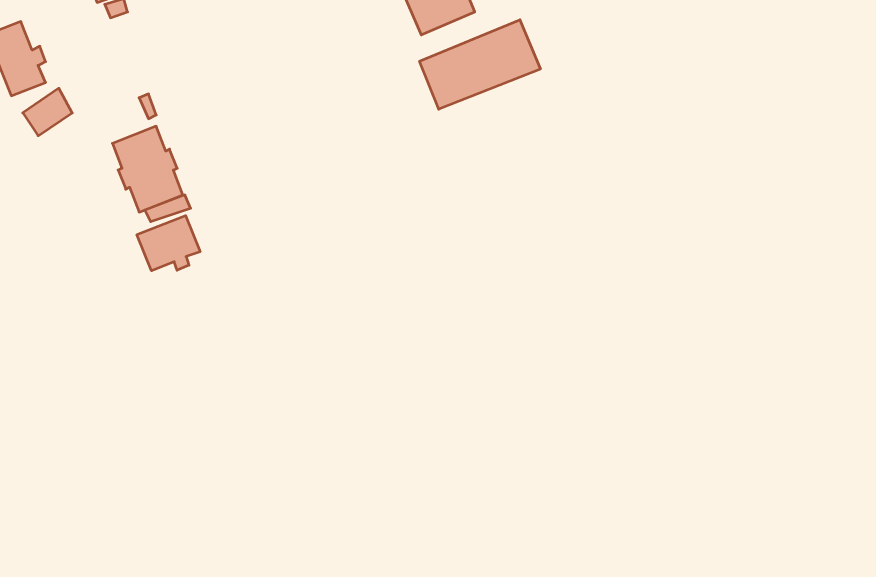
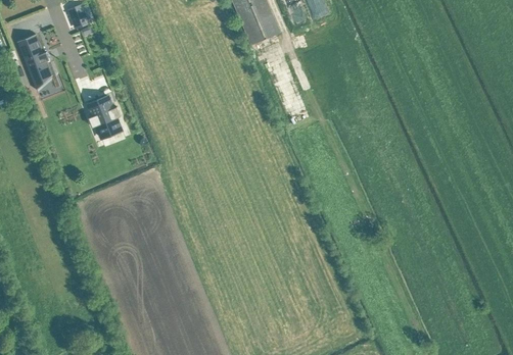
building: [420,20,540,109] -> none
building: [137,216,200,271] -> none

